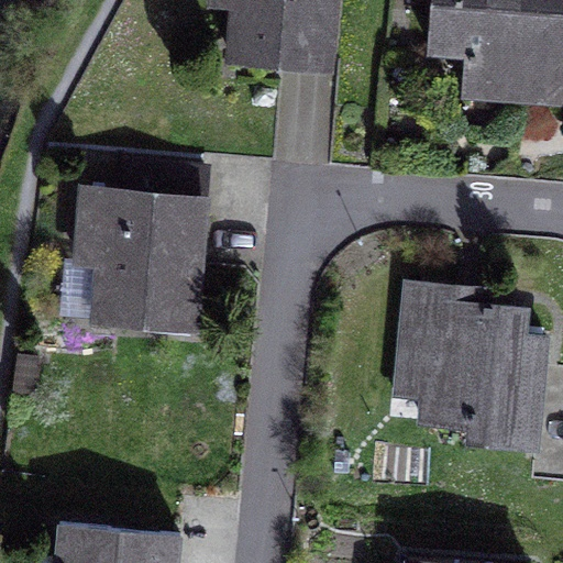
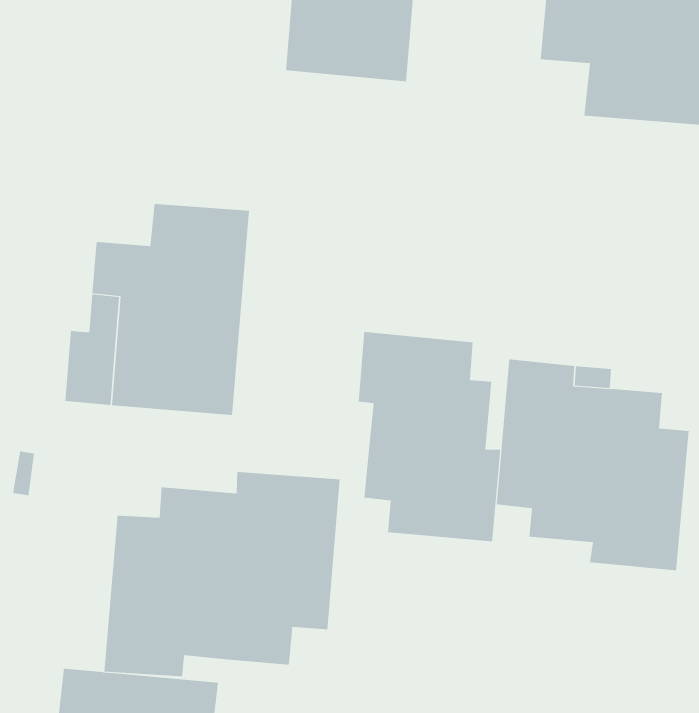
building: none -> [358,331,501,542]
building: none -> [104,471,340,677]

